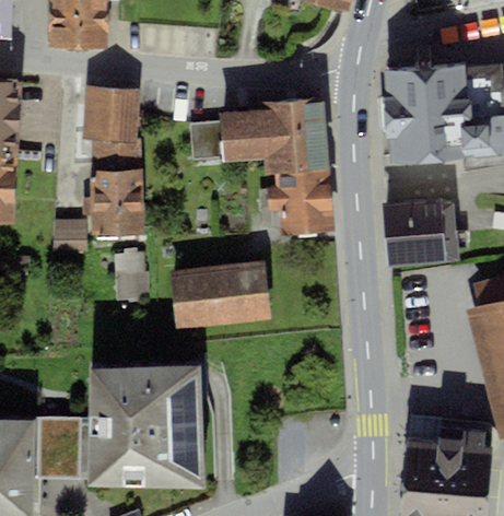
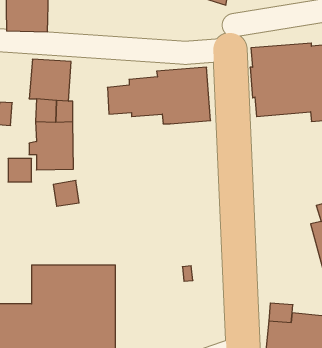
building: [267,168,333,235] -> none
building: [380,198,457,266] -> none
building: [169,260,271,331] -> none

